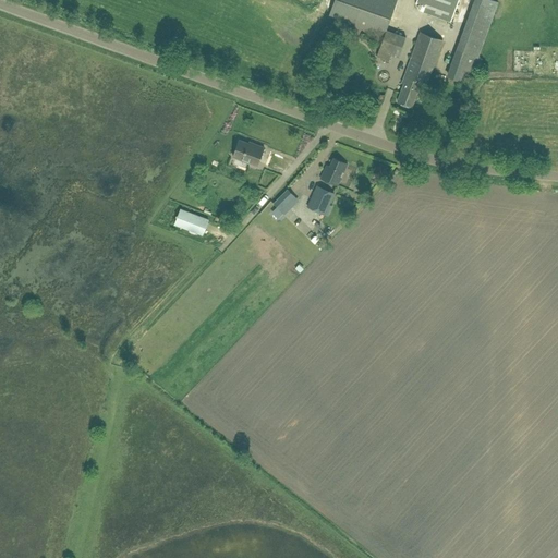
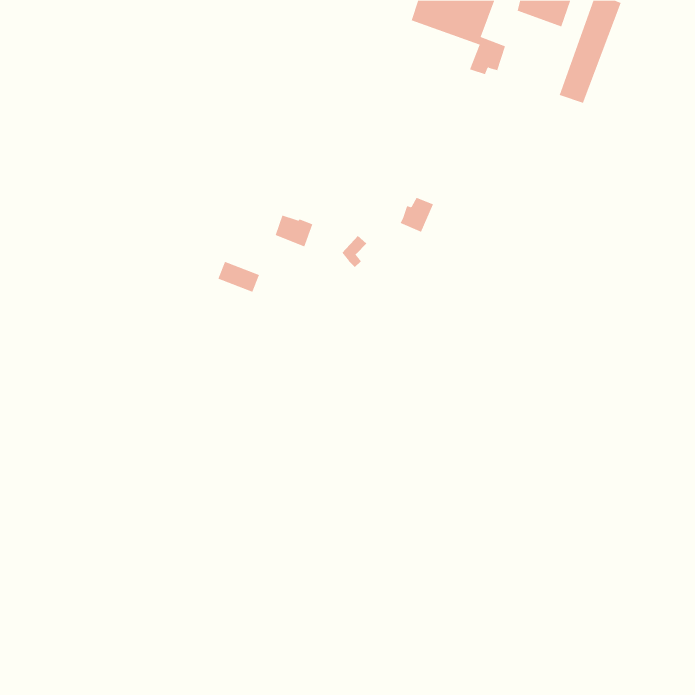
building: [398,33,442,107] -> none
building: [233,140,264,166] -> [275,215,313,247]
building: [306,184,336,219] -> none

